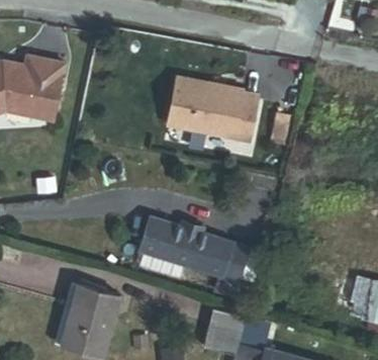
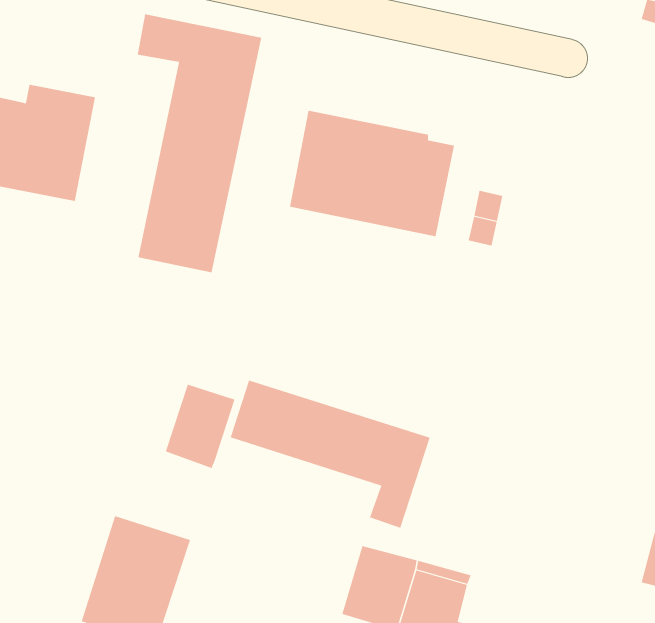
building: none -> [137,13,262,273]
building: none -> [165,384,235,469]

